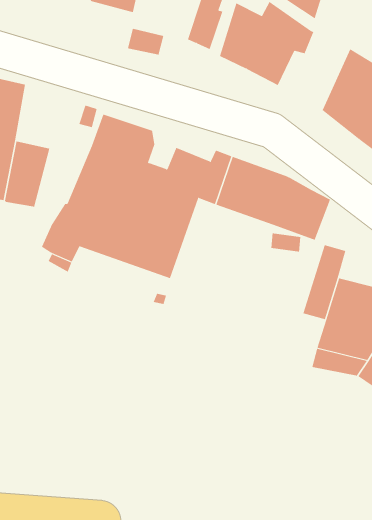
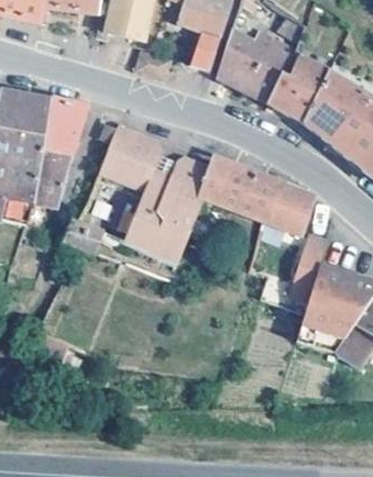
building: none -> [267,55,329,122]
building: none -> [42,97,87,155]

